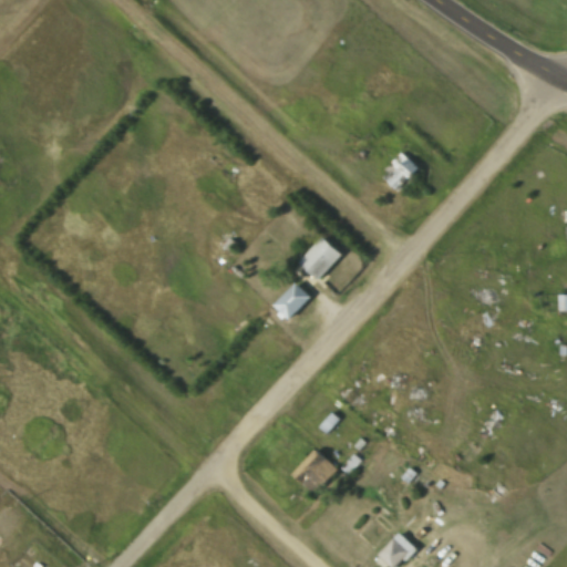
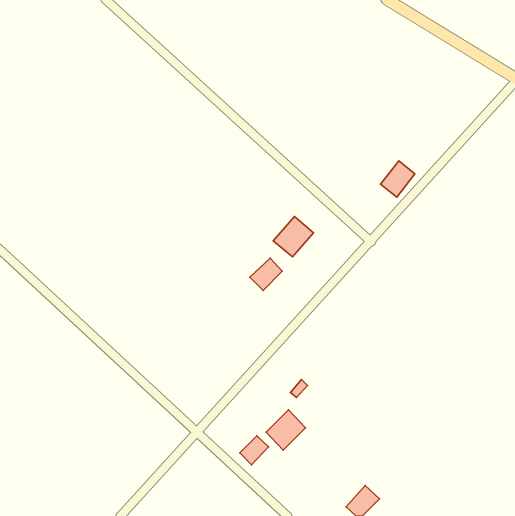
building: [381,153,419,193] -> [381,161,415,197]
building: none -> [240,436,269,465]

